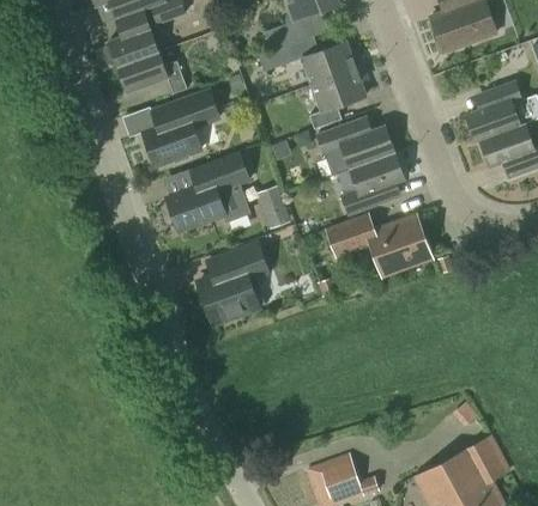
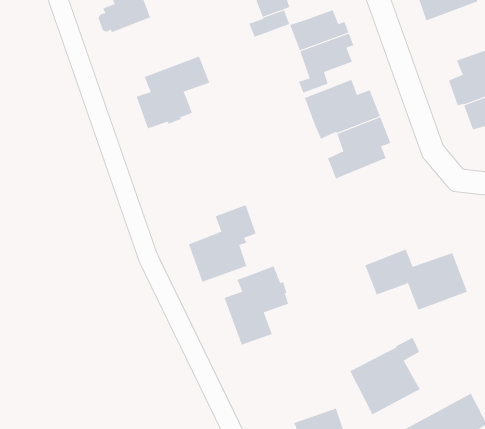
building: [117,50,187,93] -> none
building: [165,152,249,231] -> none
building: [256,185,291,228] -> none
building: [325,212,431,275] -> [364,249,468,310]
building: none -> [224,266,289,345]
building: none -> [349,337,421,415]

